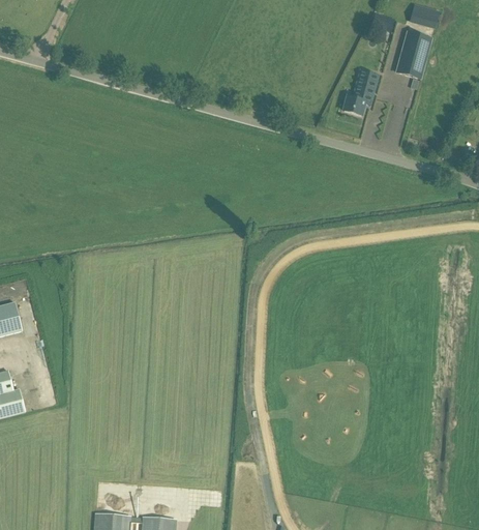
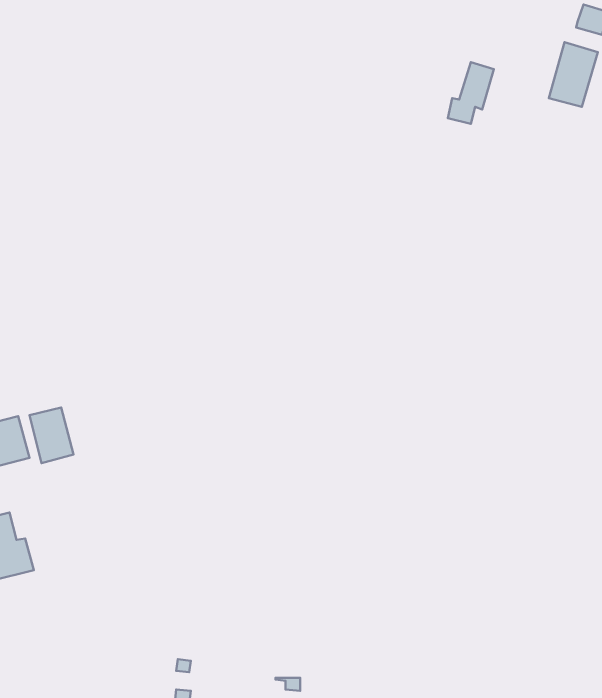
building: [343,70,377,115] -> [448,62,494,124]
building: none -> [29,408,74,463]

